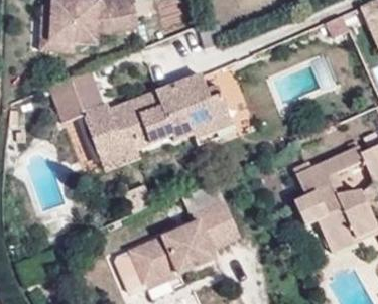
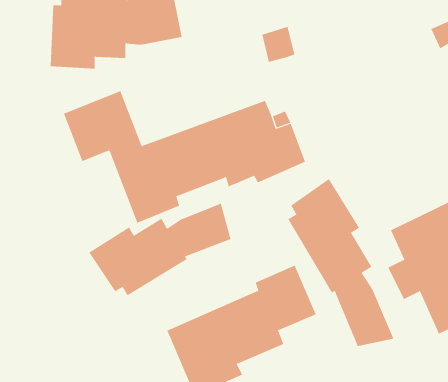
building: none -> [288,178,394,347]
building: none -> [88,203,231,296]

